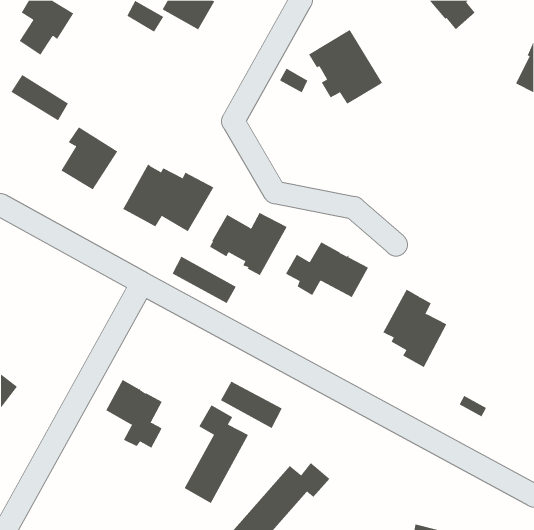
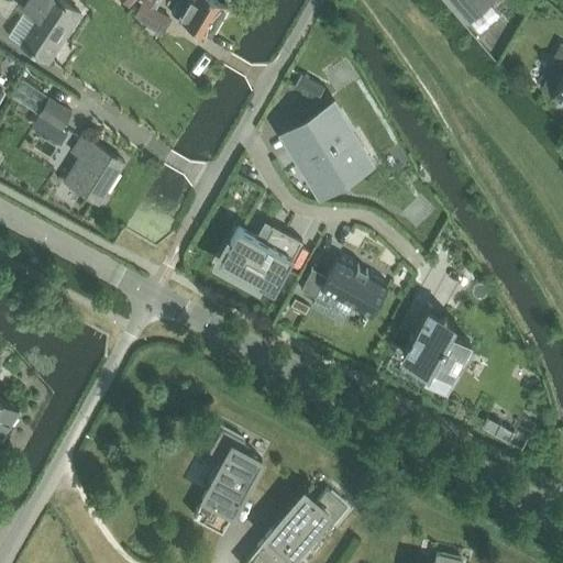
building: [308,29,384,105] -> [287,109,366,188]
building: [122,164,214,232] -> none
building: [172,256,237,304] -> none
building: [106,379,163,448] -> none
building: [220,381,282,429] -> none

